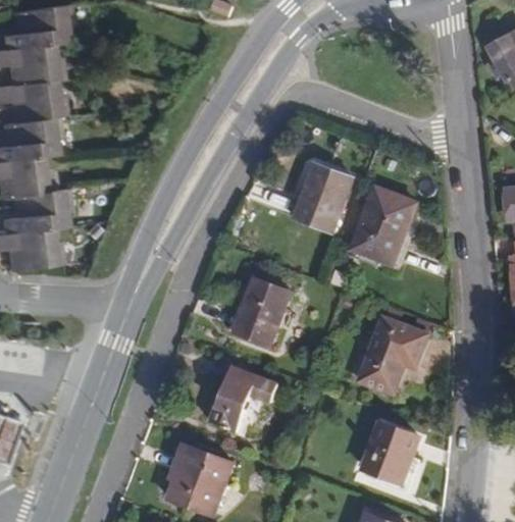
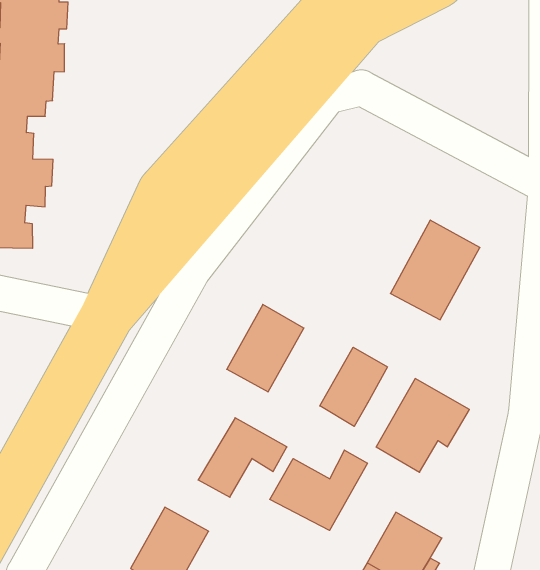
building: [294,156,350,225] -> none
building: none -> [320,347,387,426]
building: none -> [270,450,367,530]

